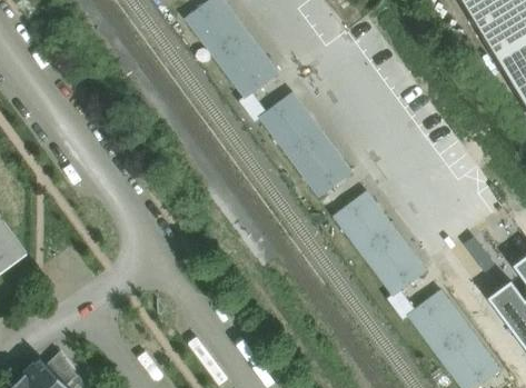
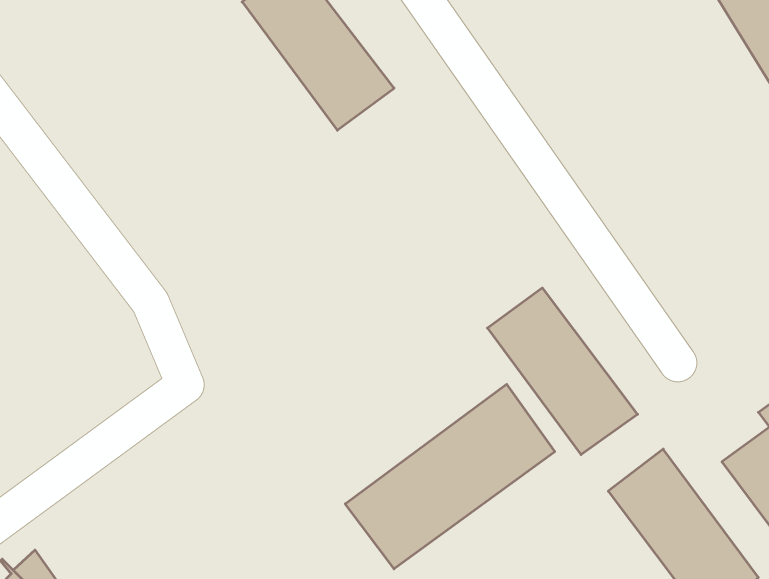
building: [260,93,351,196] -> none
building: none -> [345,384,555,569]

